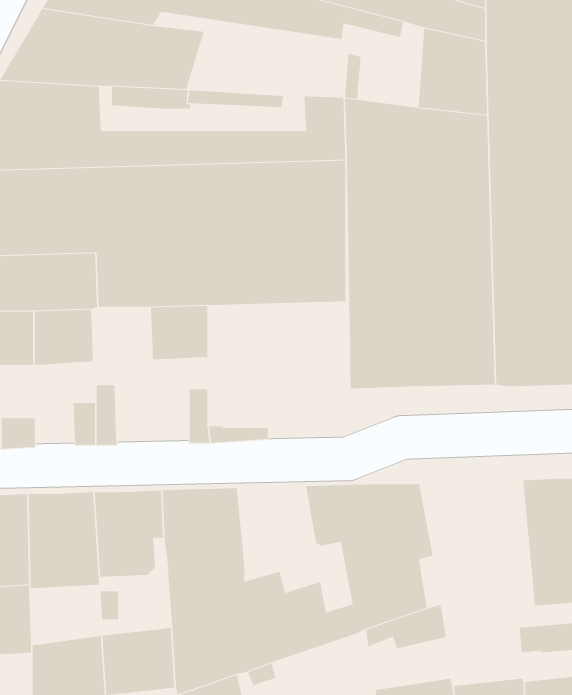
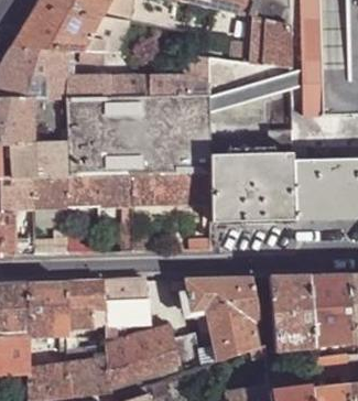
building: none -> [130,173,209,205]
building: none -> [64,176,98,207]
building: none -> [269,274,315,349]

